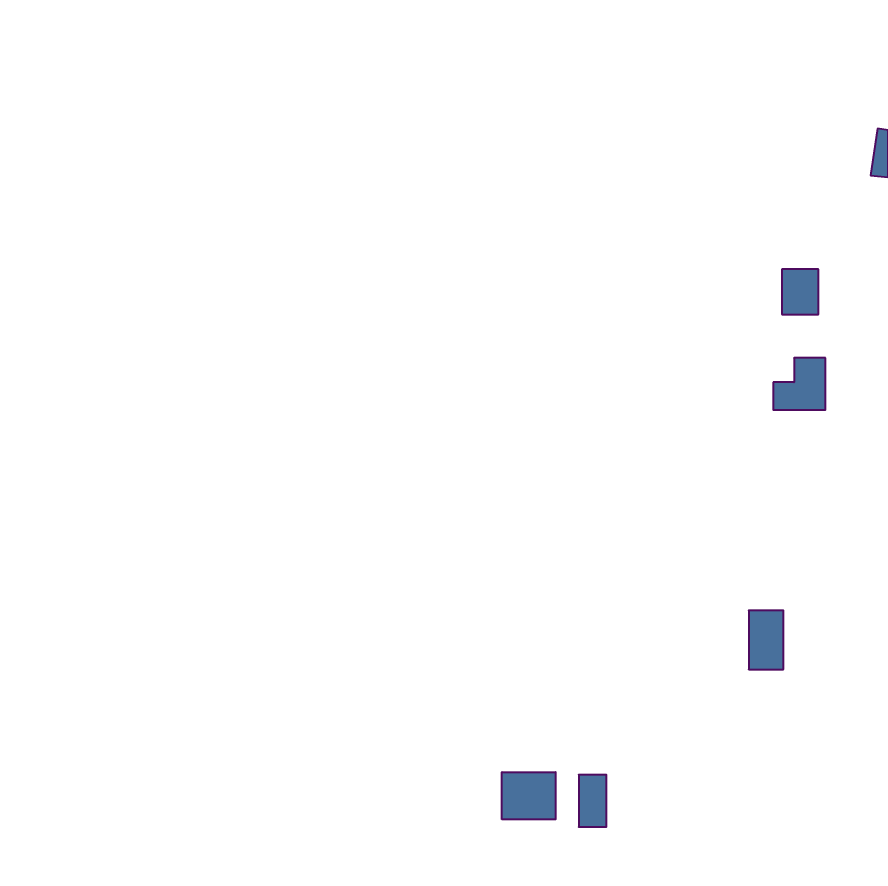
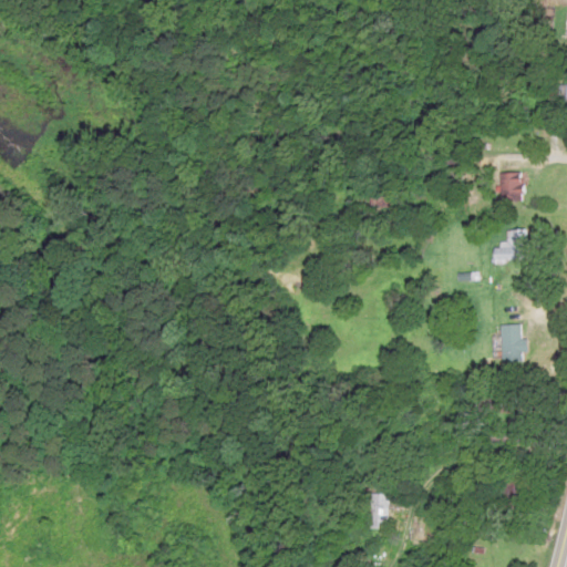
building: [749,610,783,669] -> [499,323,522,361]
building: [502,772,556,819] -> none

